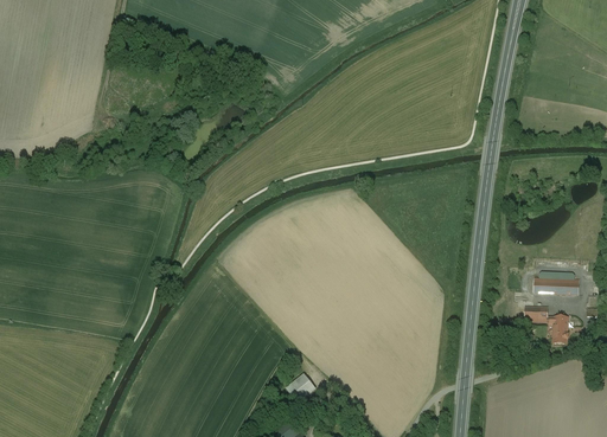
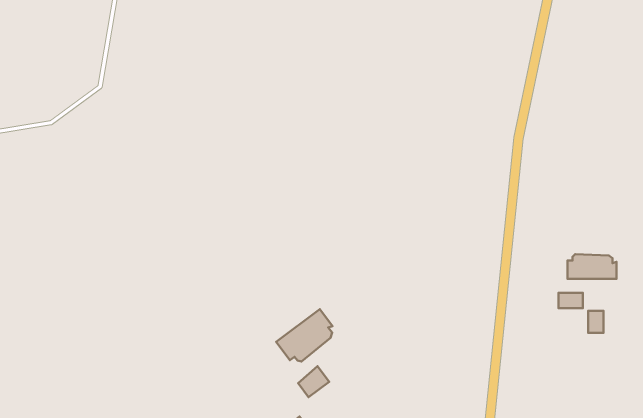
building: none -> [276,309,333,362]

